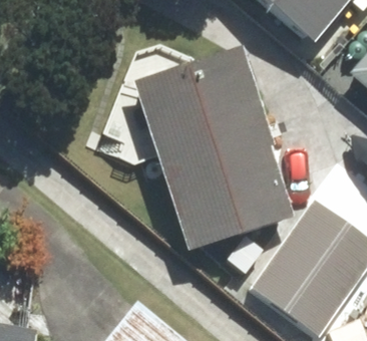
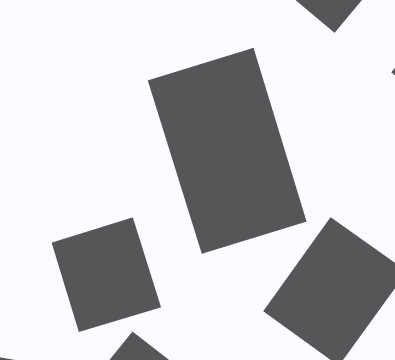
building: none -> [51,217,162,333]

